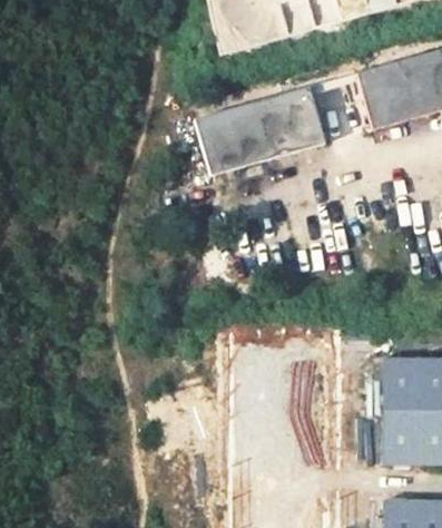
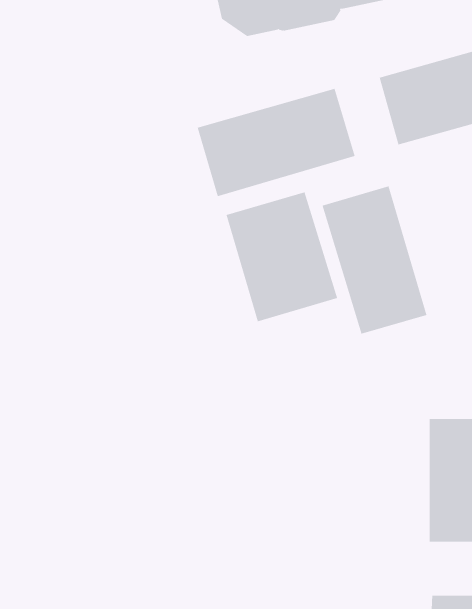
building: none -> [322,185,427,335]
building: none -> [226,191,338,322]

